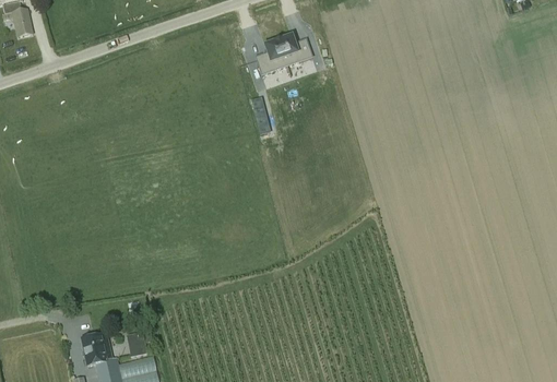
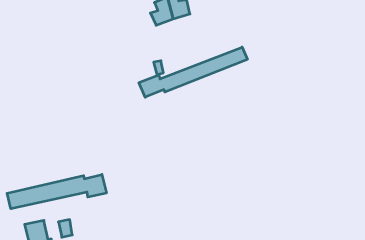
building: none -> [139,47,247,97]
building: none -> [7,174,106,209]

